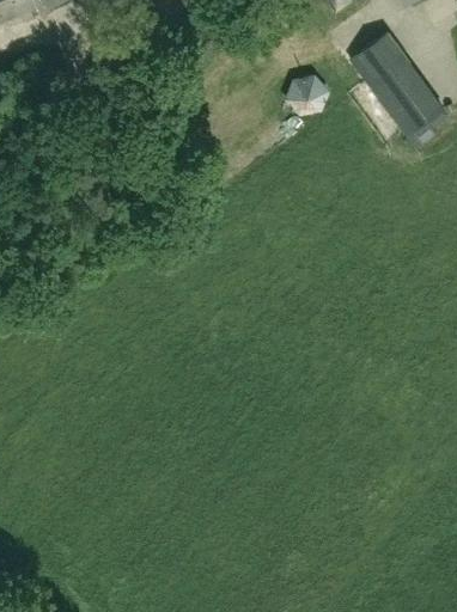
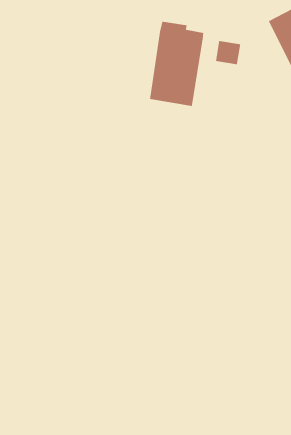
building: none -> [149,21,204,107]

